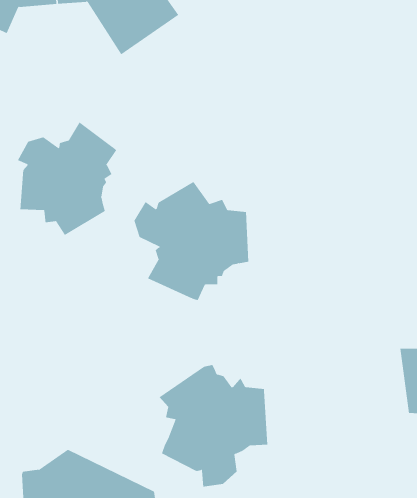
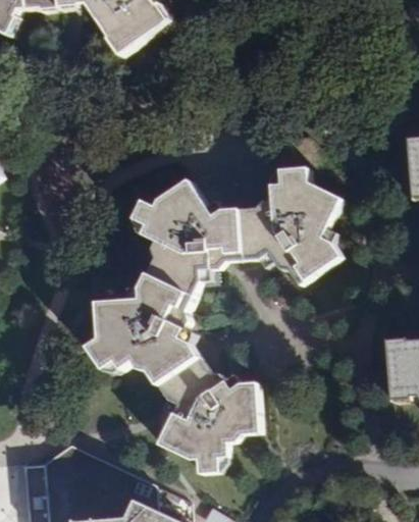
building: [17,121,117,236] -> none
building: none -> [239,167,343,284]
building: none -> [84,274,198,388]

